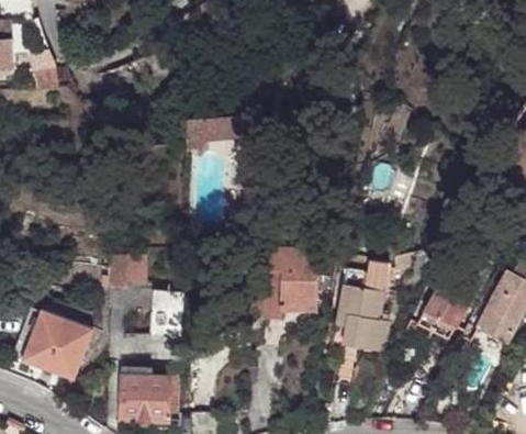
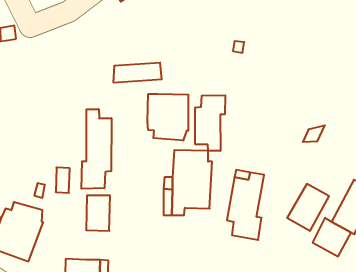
building: none -> [148,94,188,141]
building: none -> [195,95,225,151]
building: none -> [81,109,111,189]

